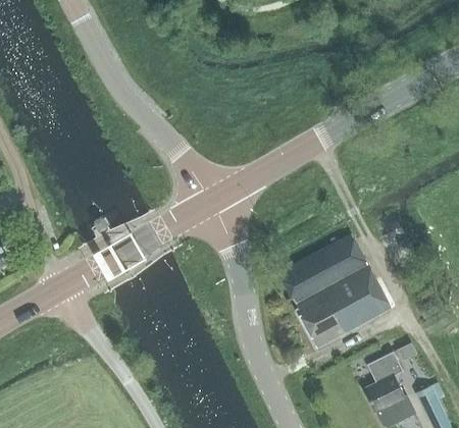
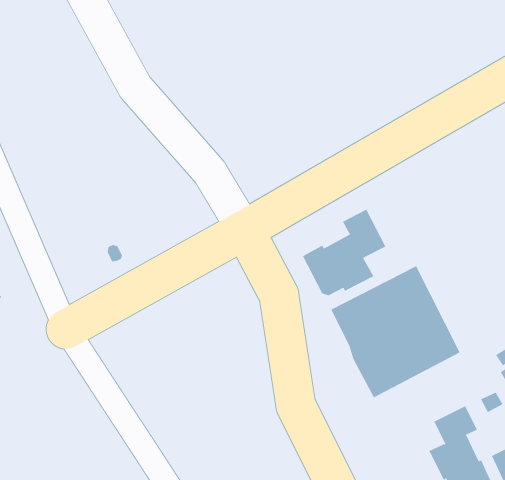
building: none -> [302,209,386,296]

